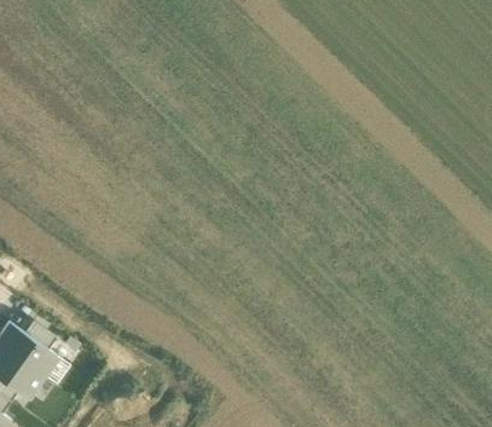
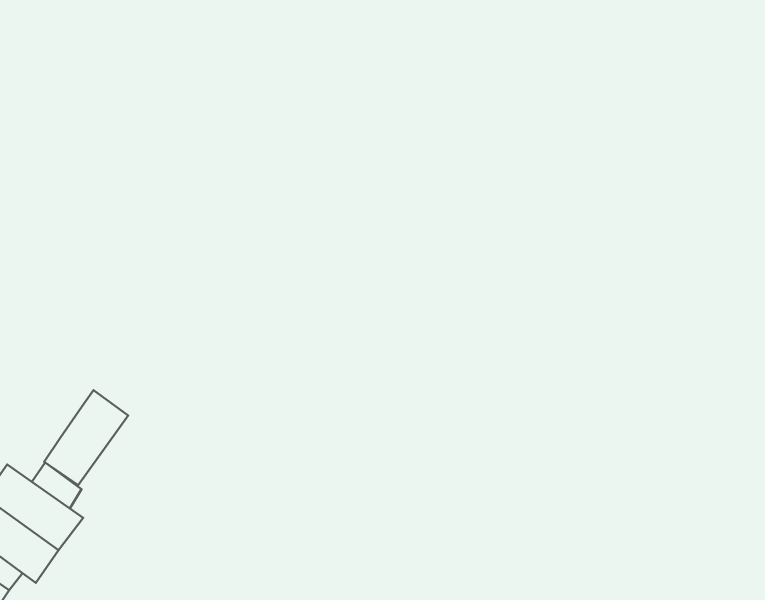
building: none -> [44,390,128,485]

